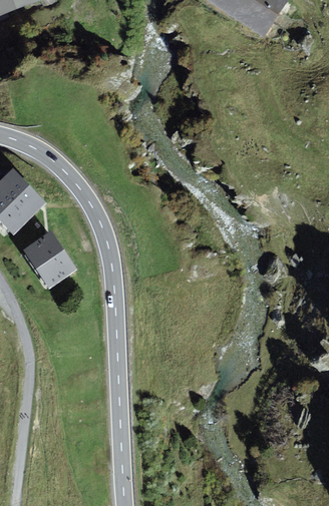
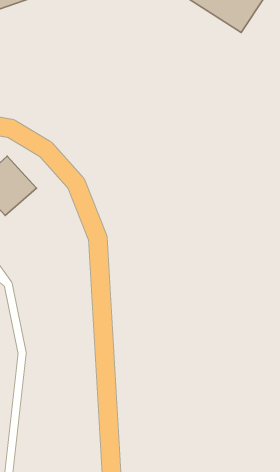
building: [23,230,75,287] -> none

